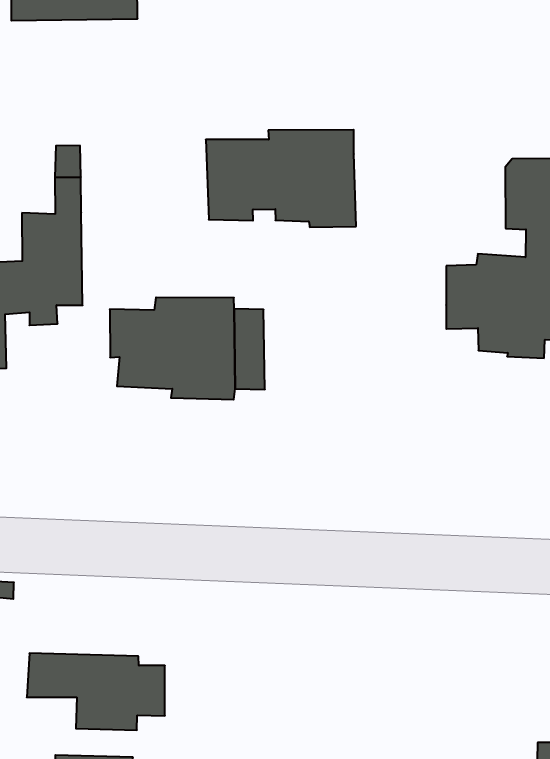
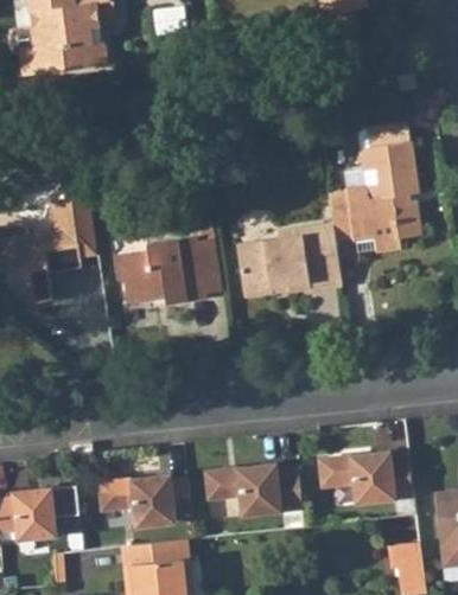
building: [206,130,356,227] -> [238,222,343,293]
building: none -> [203,463,301,516]
building: none -> [313,450,409,501]

